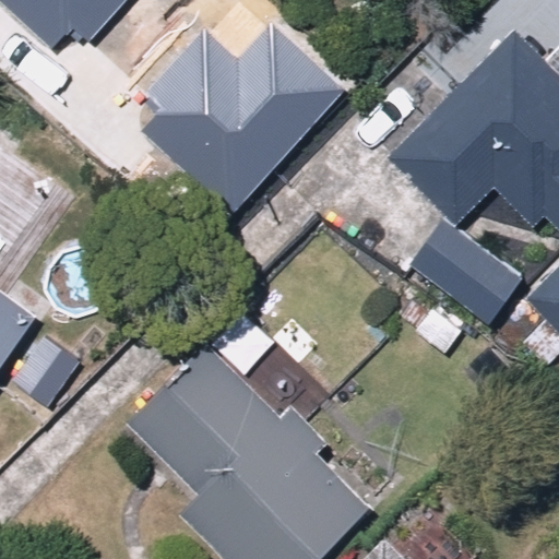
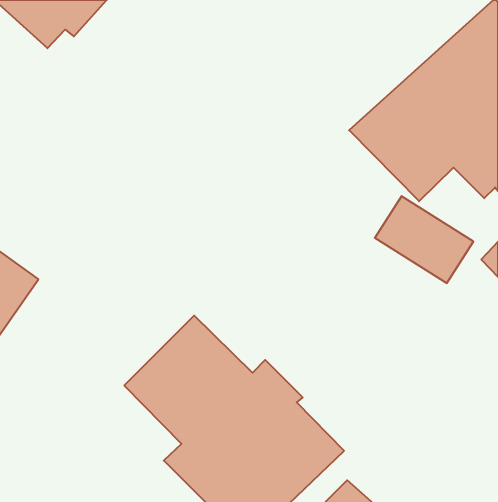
building: [132,27,338,218] -> none

